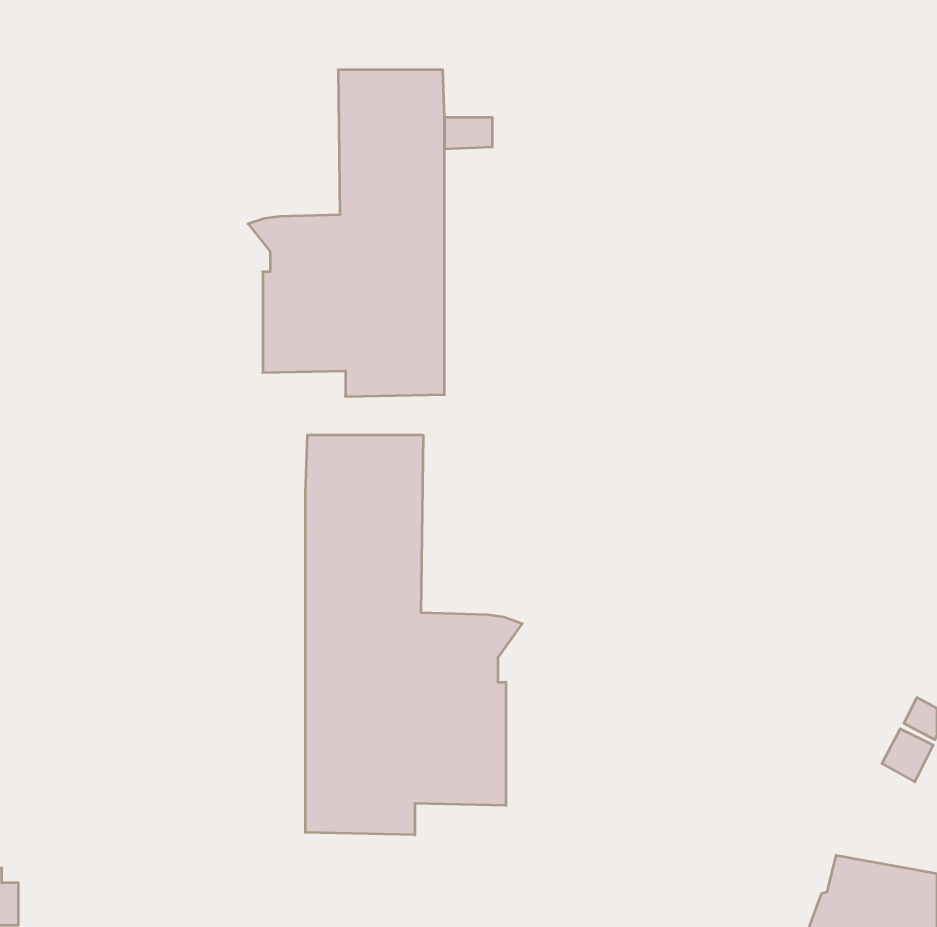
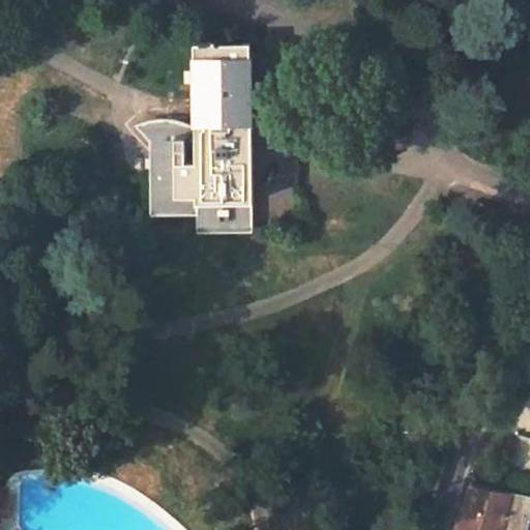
building: [306,435,522,835] -> none

